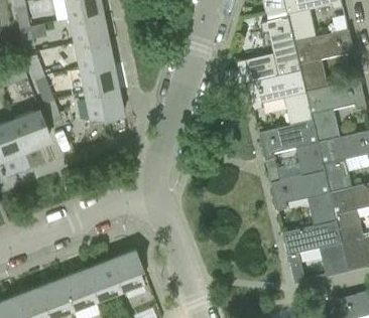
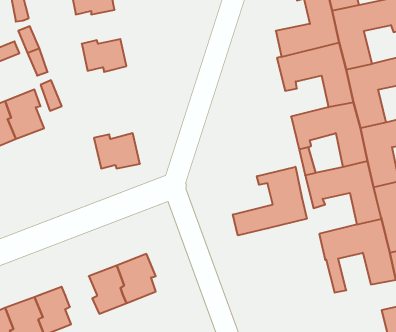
building: [74,40,112,69] -> none
building: [84,89,123,119] -> [94,133,140,168]
building: none -> [233,167,307,235]
building: [62,269,94,310] -> none

